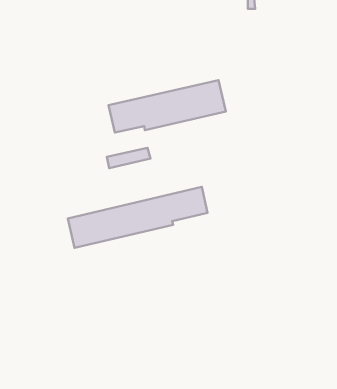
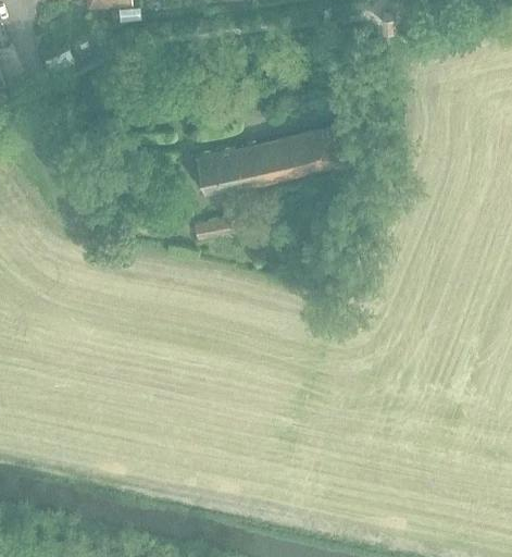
building: [68,187,208,248] -> none

